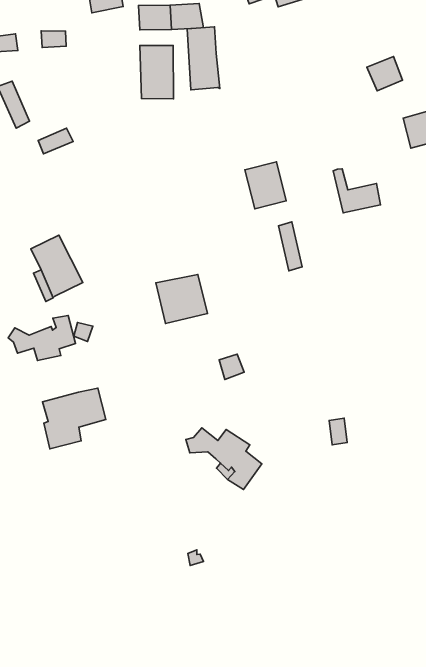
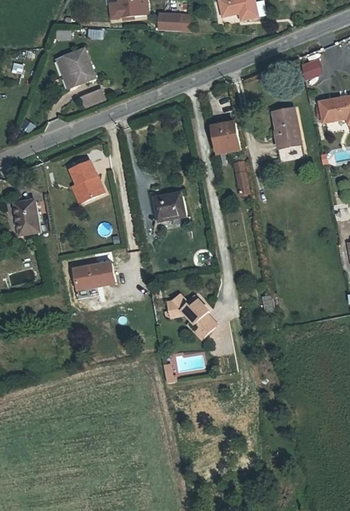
building: [187,27,220,90] -> none
building: [140,46,174,99] -> none
building: none -> [66,50,95,85]
building: none -> [274,105,302,142]
building: [8,315,76,360] -> none

